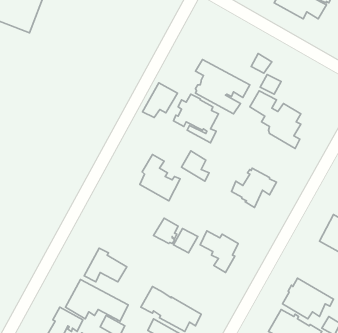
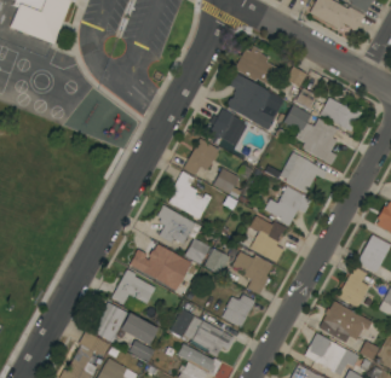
building: none -> [234,46,278,88]
building: [143,83,177,118] -> [183,139,219,175]
building: none -> [321,98,362,132]
building: none -> [264,152,328,193]
building: none -> [157,205,195,244]
building: none -> [249,216,284,263]
building: none -> [130,244,184,286]
building: none -> [338,267,369,308]
building: none -> [222,295,255,327]

